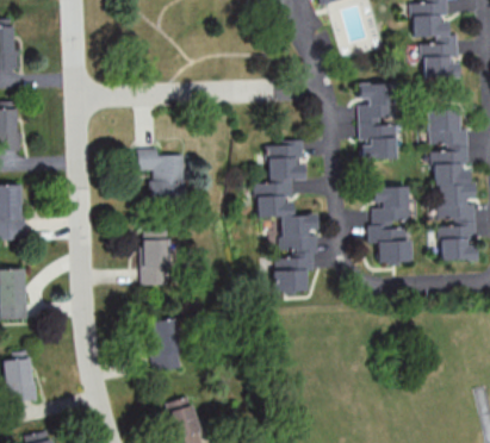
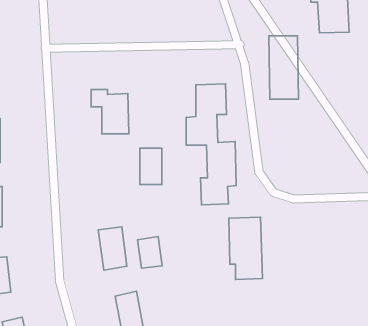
building: [429,108,476,261] -> none
building: [368,186,410,263] -> [229,217,262,280]
building: [141,238,168,283] -> [140,148,162,185]
building: none -> [137,236,162,268]

